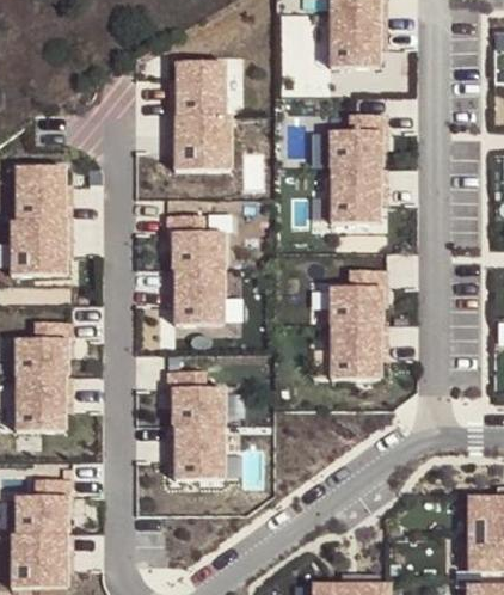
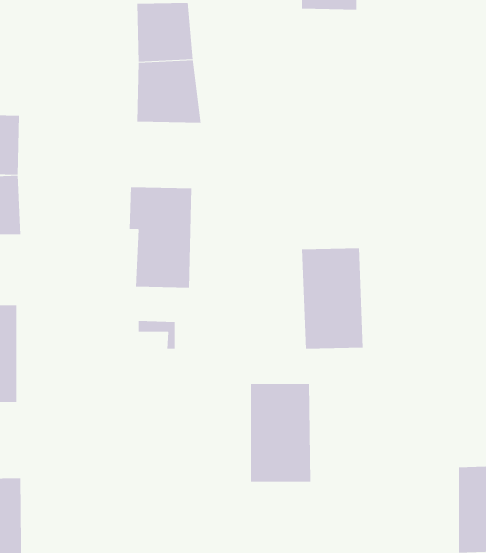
building: [324,127,383,221] -> none
building: [172,391,228,481] -> [250,383,311,482]

